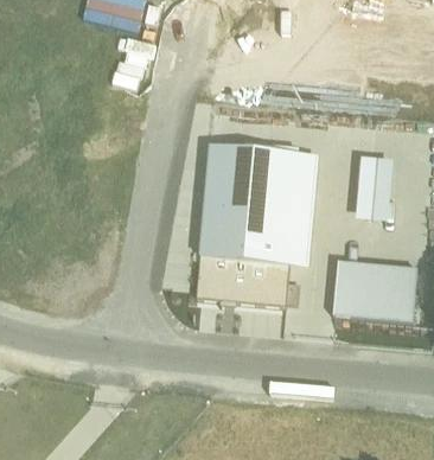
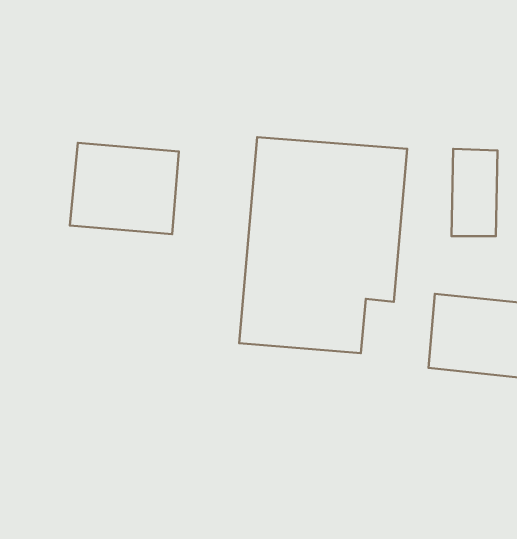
building: none -> [70,143,179,234]

